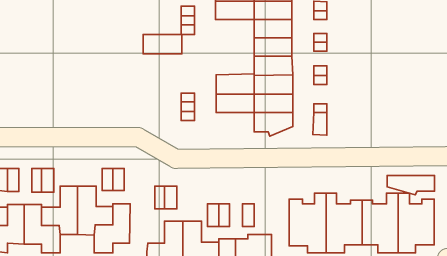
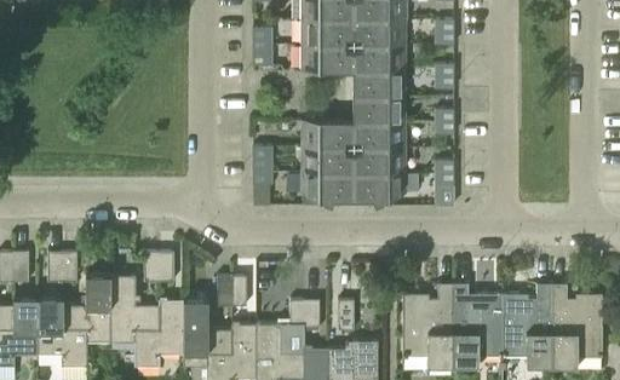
building: [143,34,182,54] -> [299,46,352,73]
building: none -> [300,174,352,207]
building: [387,175,435,195] -> none
building: none -> [180,300,229,367]

